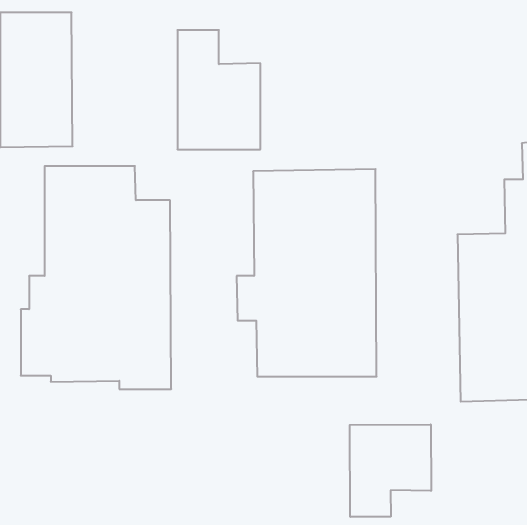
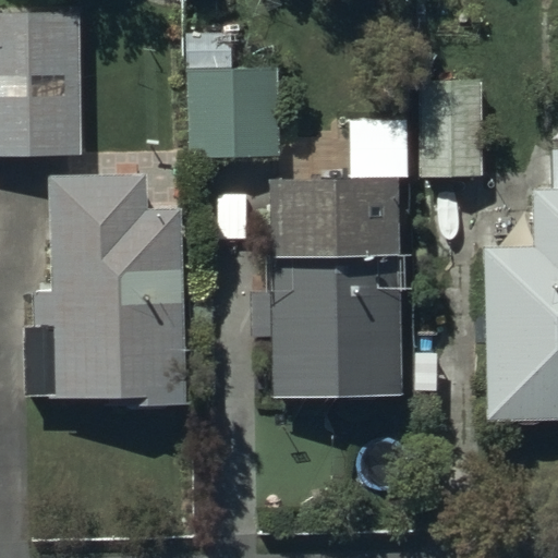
building: none -> [422,62,483,175]
building: [350,424,431,517] -> none

